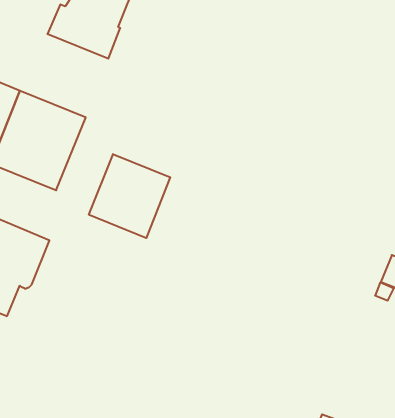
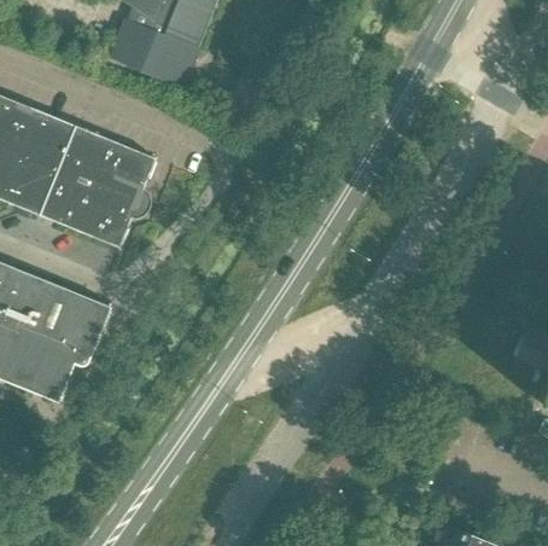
building: [89,154,170,238] -> none

